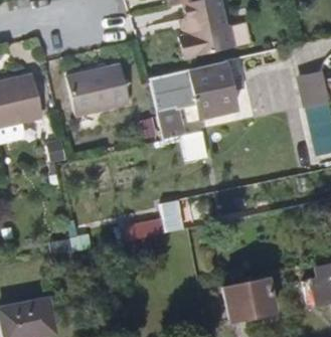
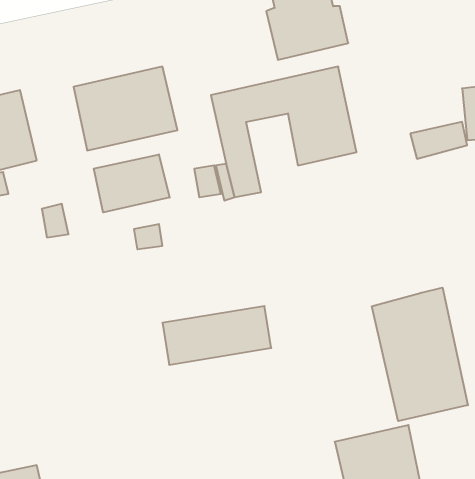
building: none -> [94,154,170,212]
building: none -> [372,288,468,421]

